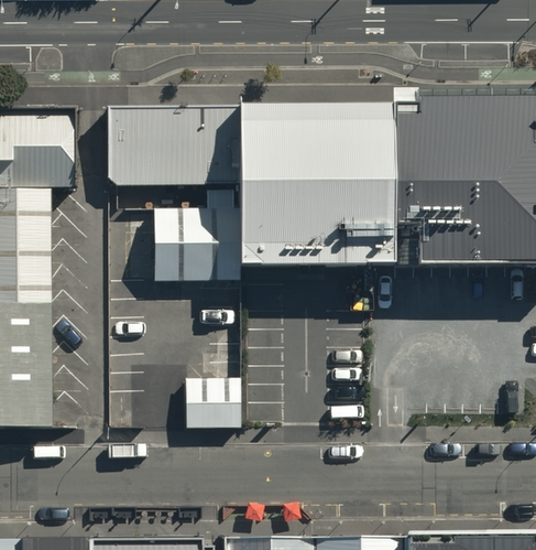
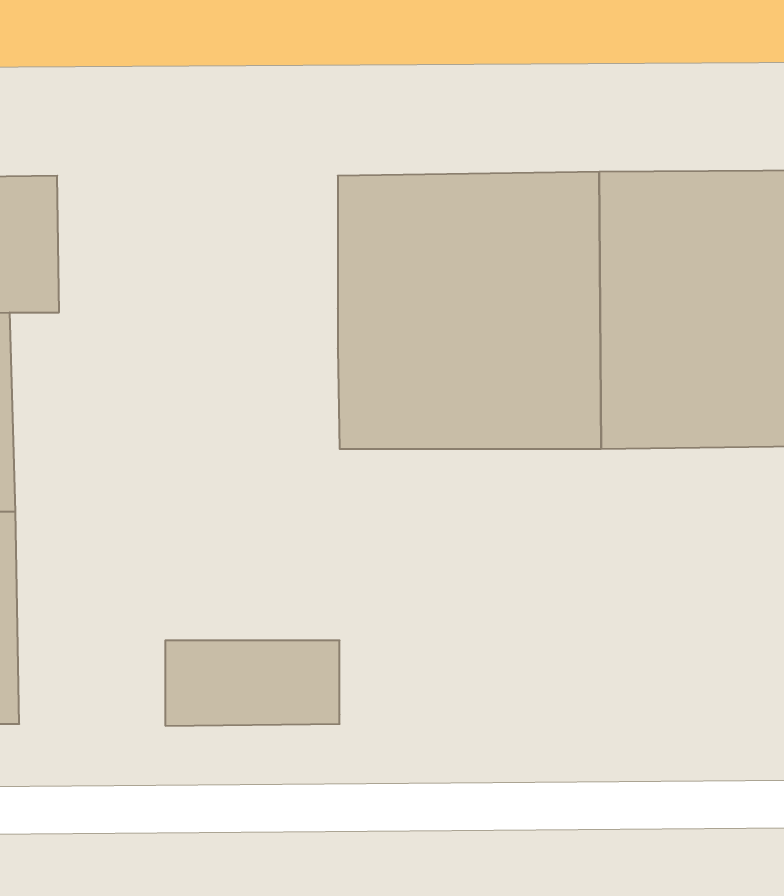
building: [109,107,240,186] -> none
building: [153,207,241,281] -> none

